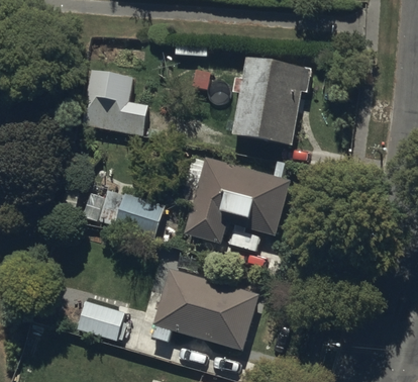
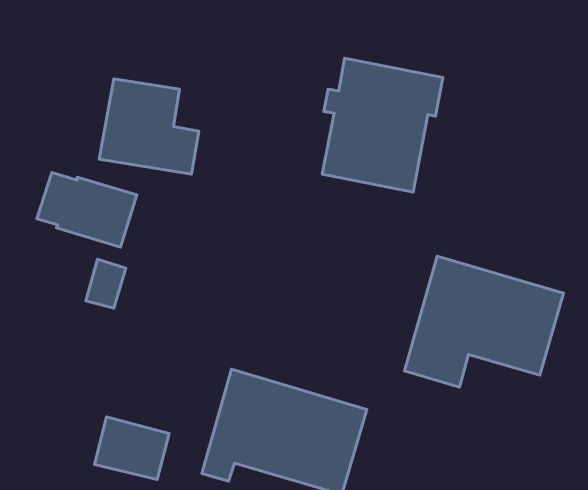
building: [184,156,292,245] -> [404,256,564,387]
building: [97,189,165,240] -> [37,173,137,247]

